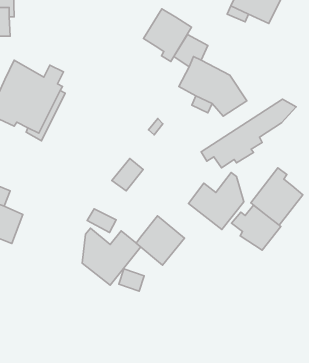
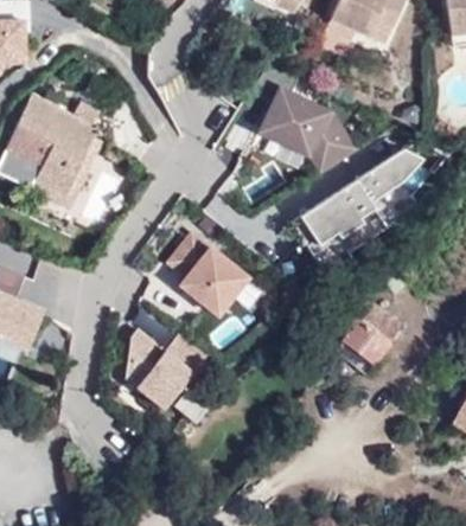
building: [144,9,192,61] -> none
building: [251,168,303,225] -> none
building: [188,172,244,230] -> none
building: [136,216,185,265] -> [180,248,248,316]

